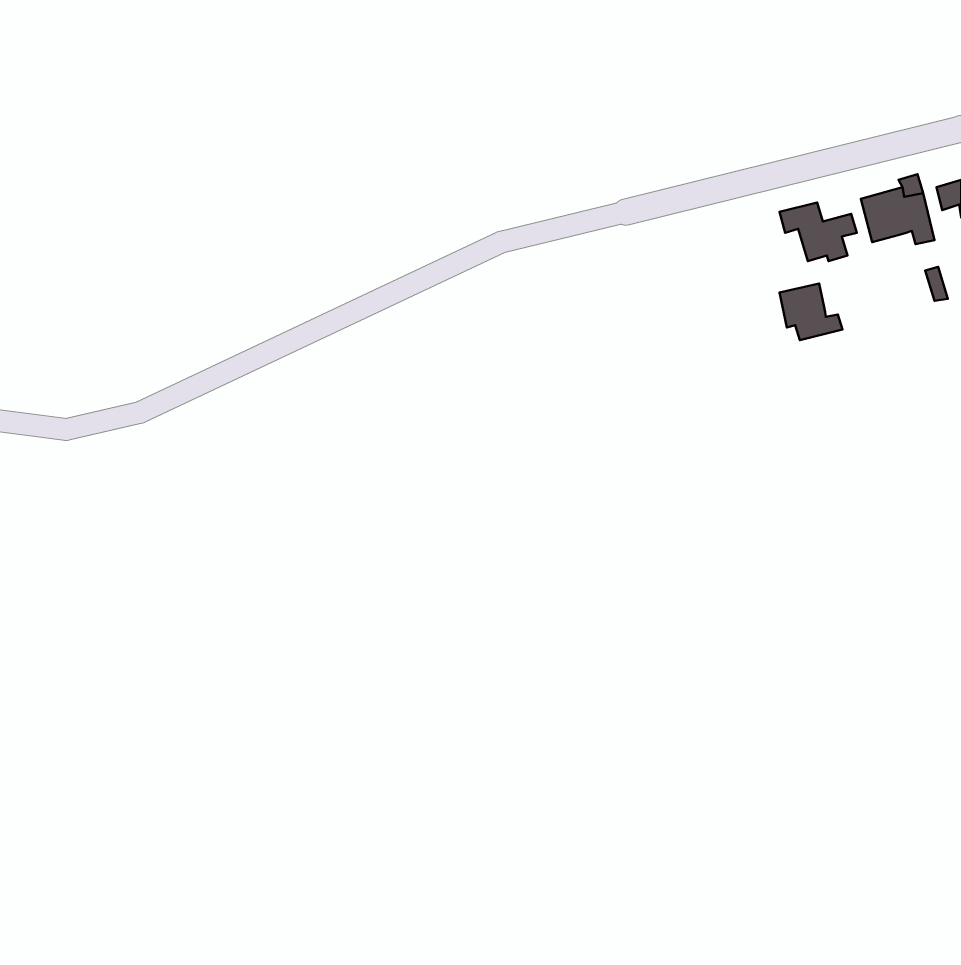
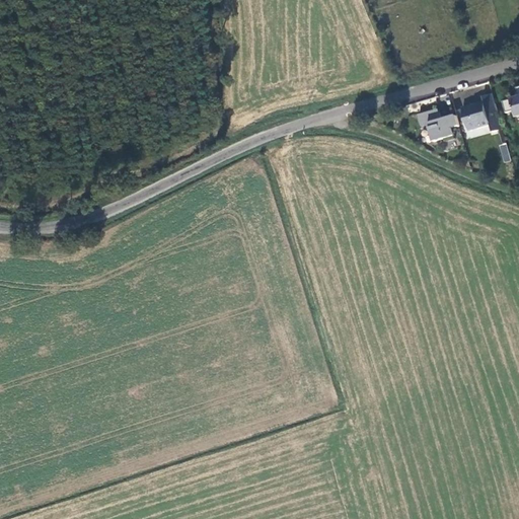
building: [779,283,842,340] -> none

